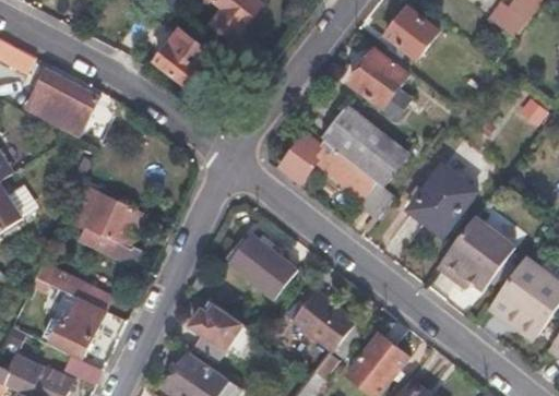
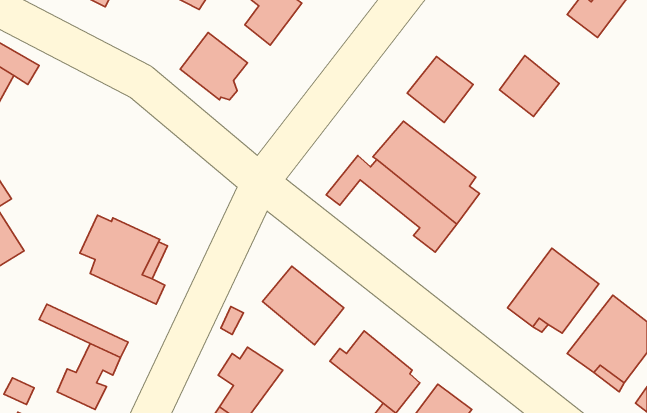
building: [386,7,438,59] -> [499,56,559,116]
building: [29,69,99,133] -> none
building: [408,165,478,237] -> none

